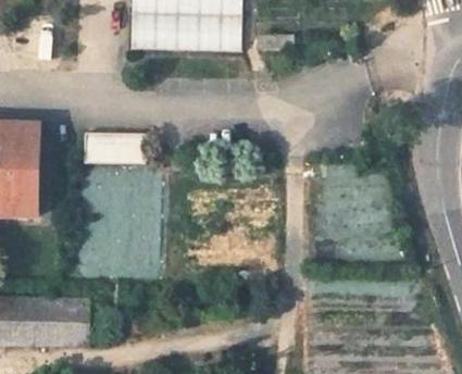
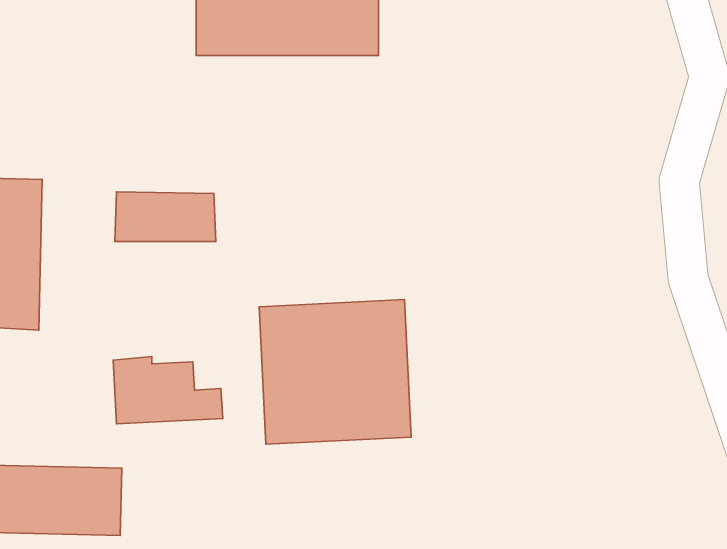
building: none -> [259,299,411,444]

